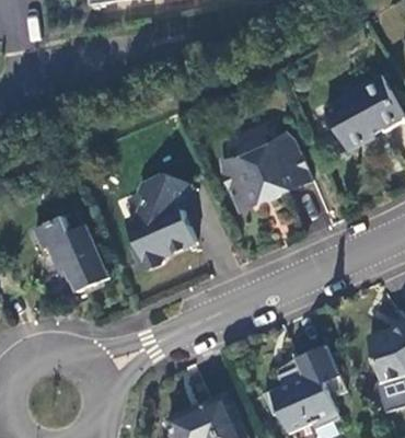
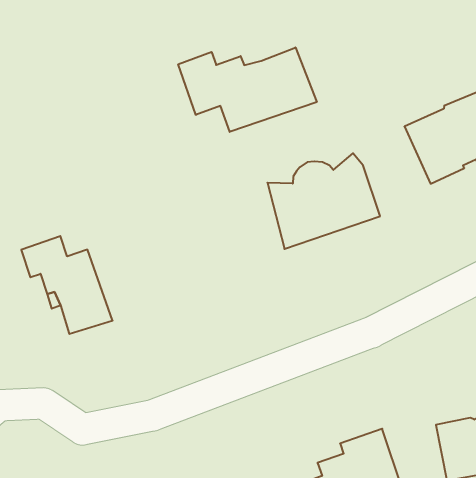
building: none -> [178,47,317,132]
building: [126,173,196,269] -> none

